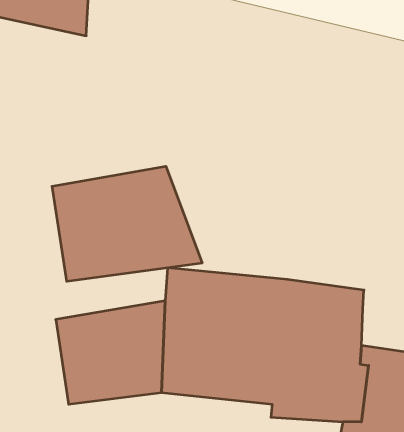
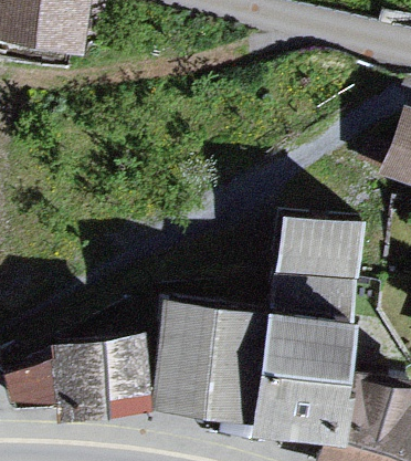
building: [52,166,202,281] -> none
building: none -> [276,210,361,334]

